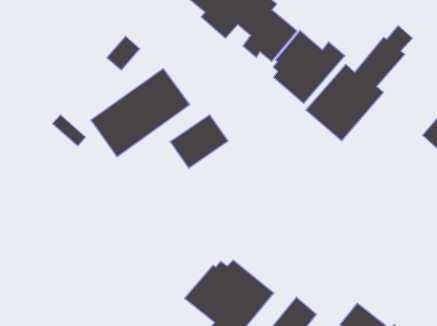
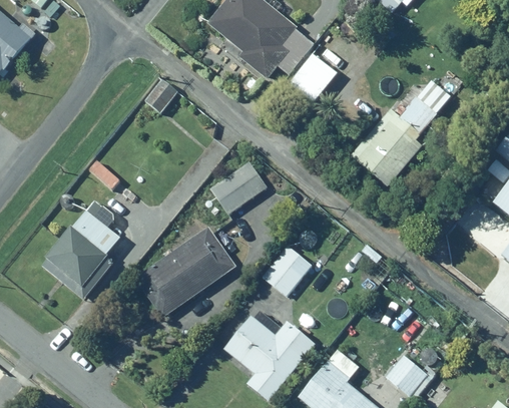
building: [273,30,345,104] -> none
building: [91,69,190,157] -> [134,226,236,317]
building: none -> [43,201,122,299]
building: none -> [261,244,312,297]

